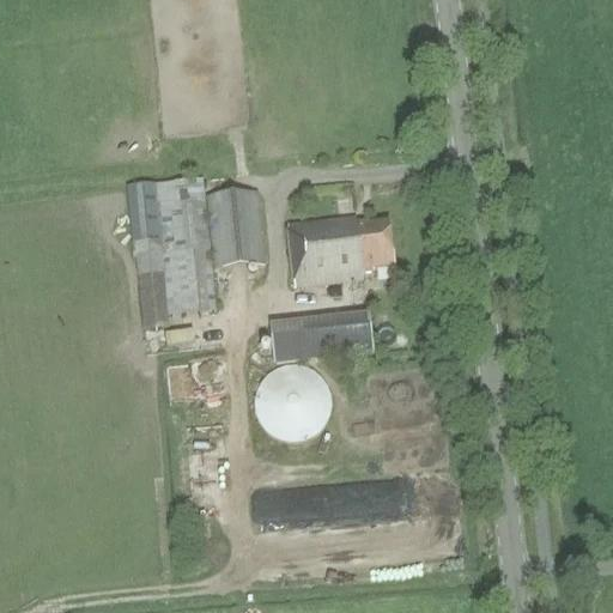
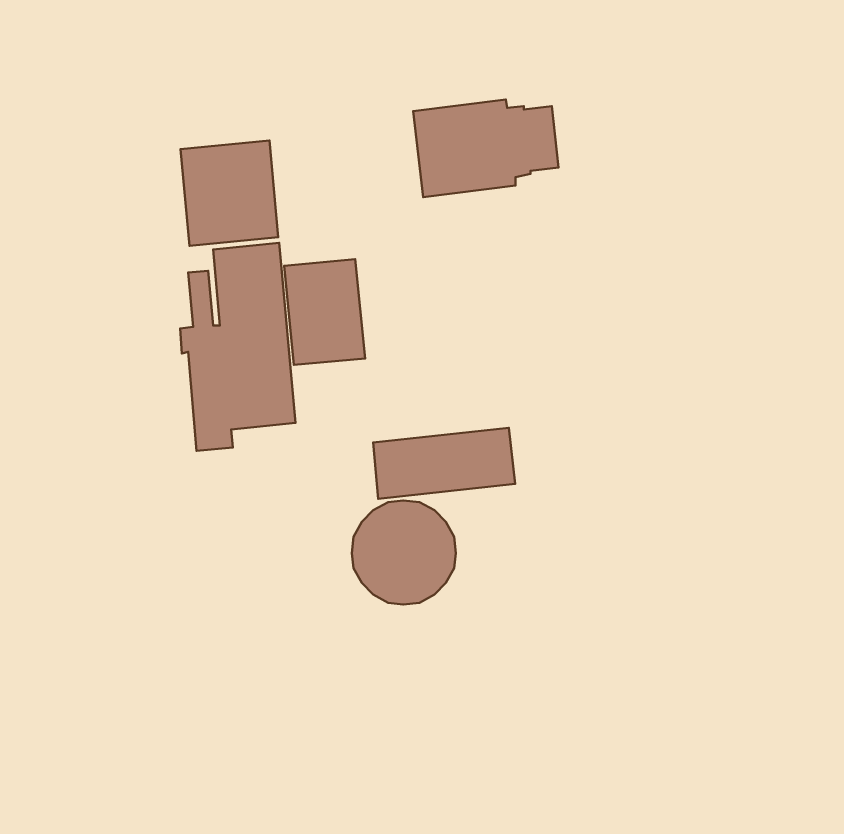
building: none -> [181,141,278,246]
building: [289,213,394,284] -> [413,100,559,197]

